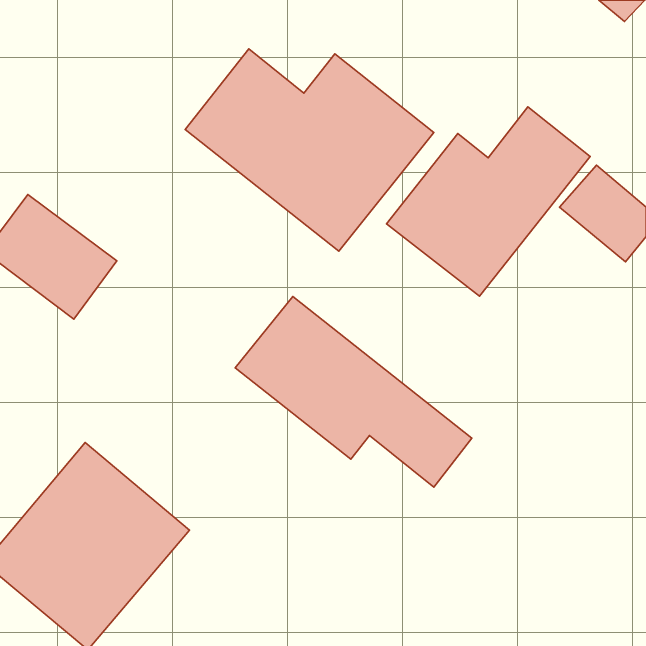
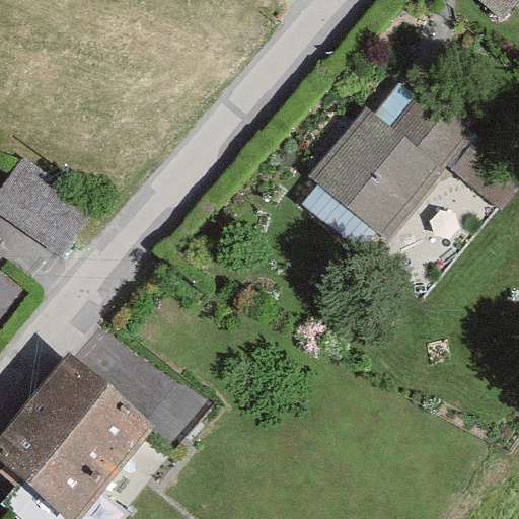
building: [185,49,434,251] -> none
building: [235,297,472,487] -> none

